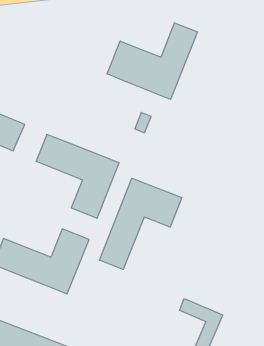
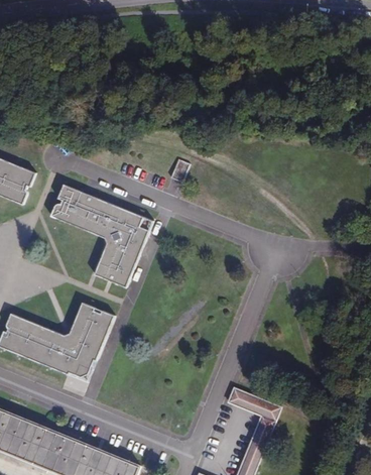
building: [107,23,197,99] -> none
building: [99,178,182,269] -> none

